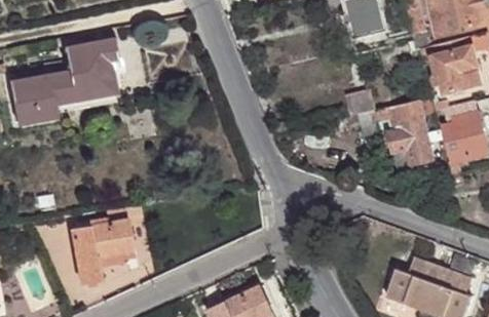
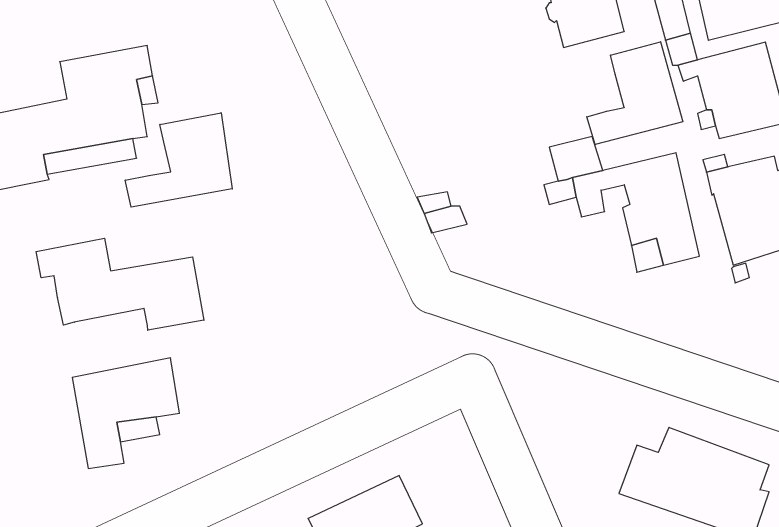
building: none -> [587,42,683,145]
building: none -> [125,113,232,207]
building: none -> [36,238,204,330]

